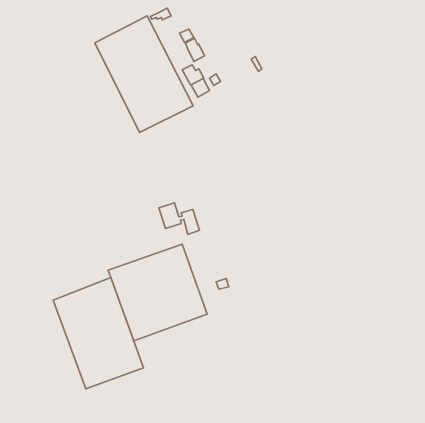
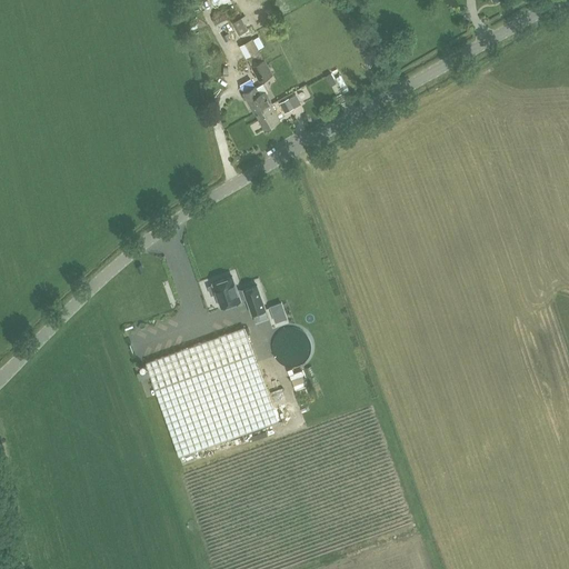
building: [95,16,193,132] -> none
building: [53,278,144,389] -> none

